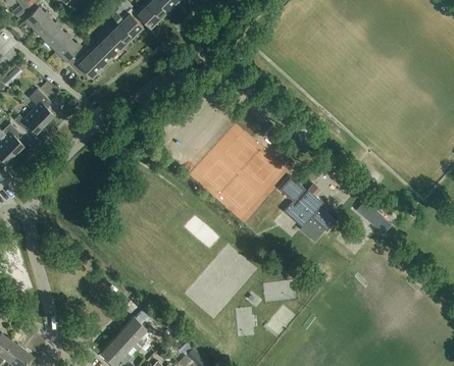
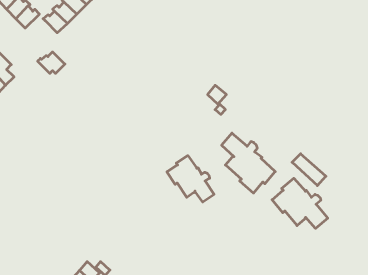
building: [71,54,101,77] -> [38,52,65,73]
building: none -> [167,156,214,202]
building: none -> [272,178,328,228]

